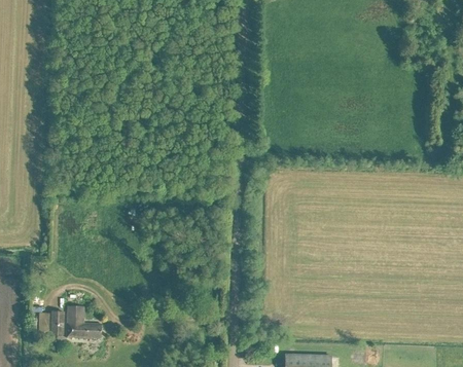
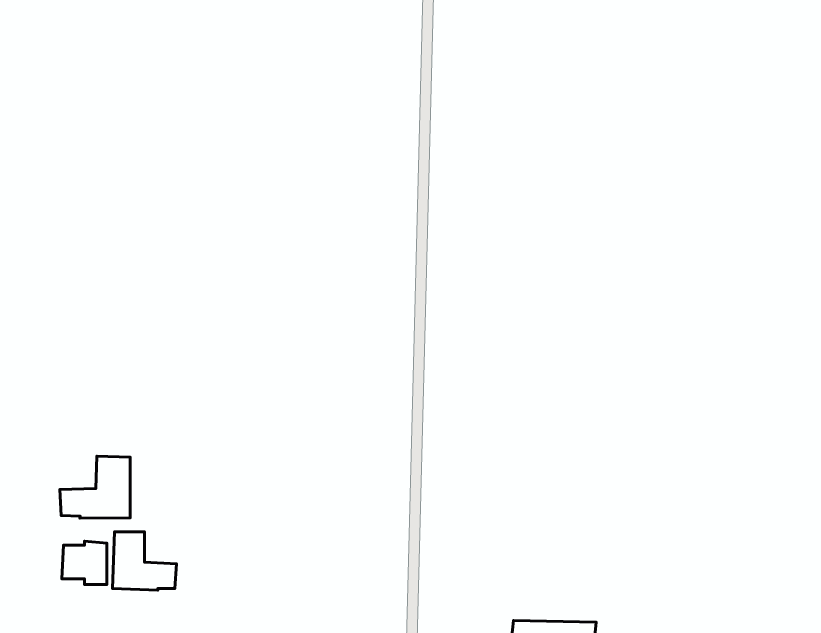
building: none -> [60,456,130,518]

